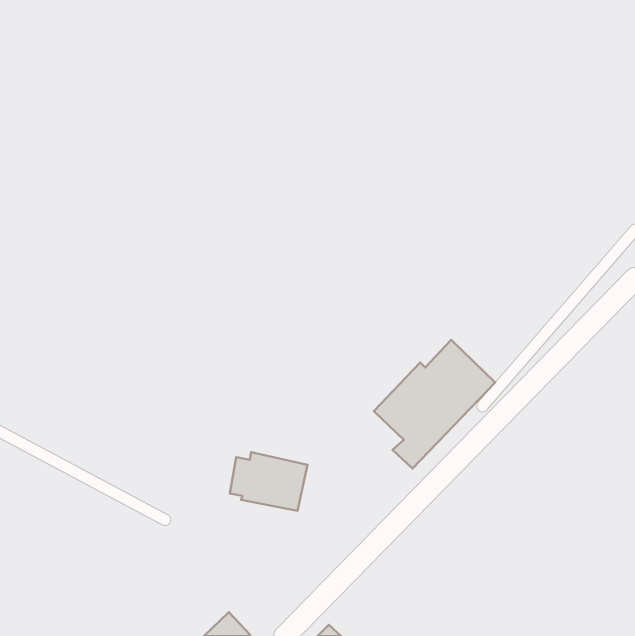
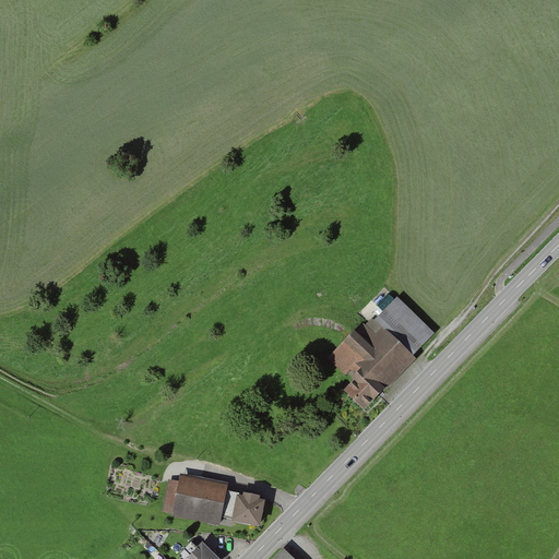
building: [230,452,307,511] -> [165,475,233,526]
building: none -> [239,492,273,524]

